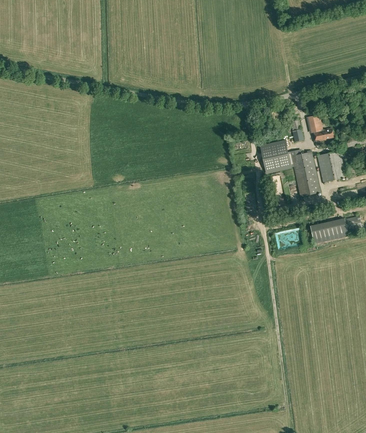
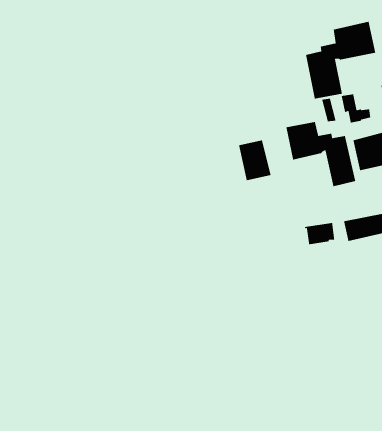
building: none -> [305,21,376,99]
building: none -> [238,140,272,181]

